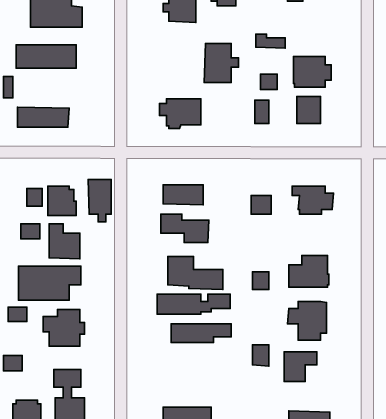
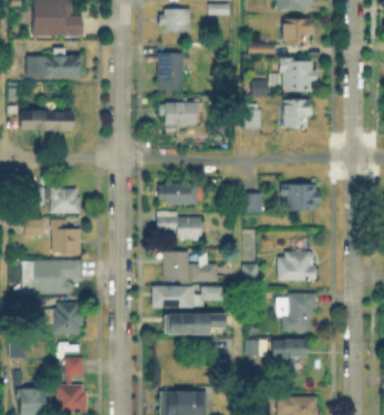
building: none -> [281,19,314,48]
building: [204,44,238,82] -> [157,53,189,90]
building: [88,180,111,222] -> none

